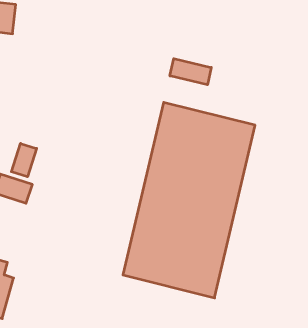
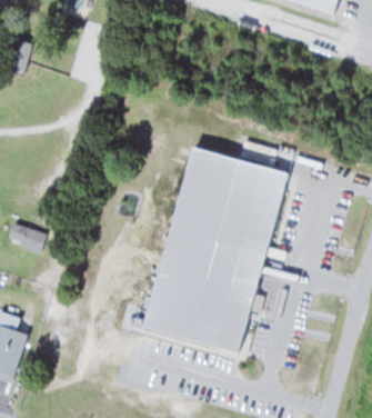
building: [170,59,211,85] -> none
building: [11,143,37,177] -> none

